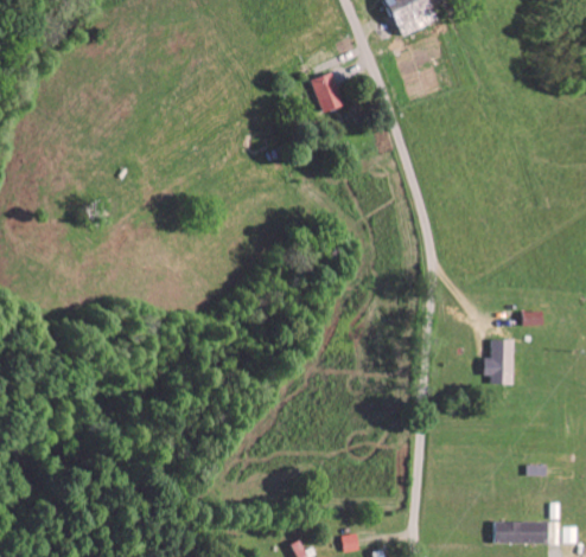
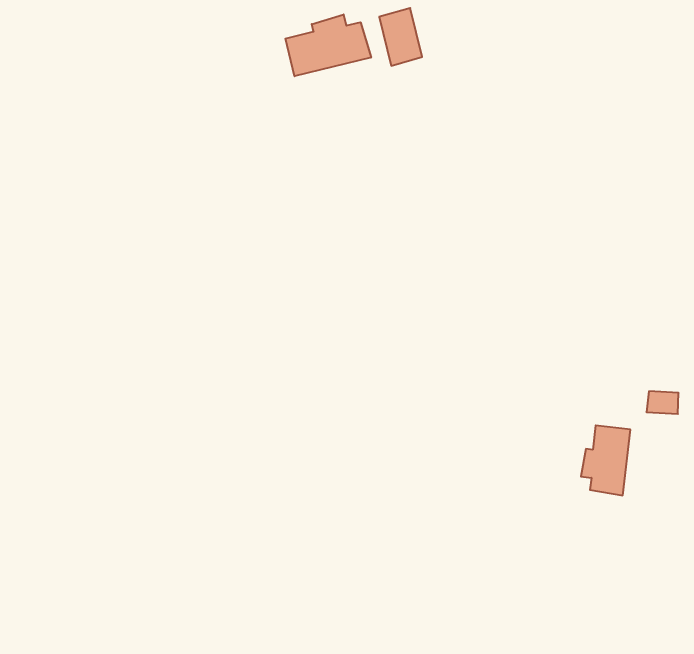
building: none -> [285,14,371,76]

